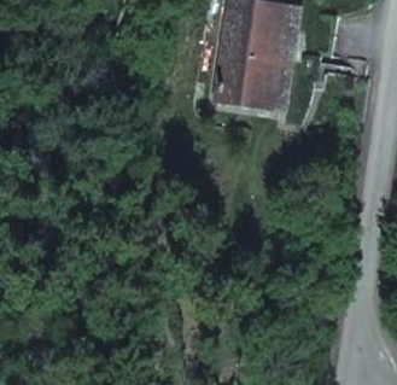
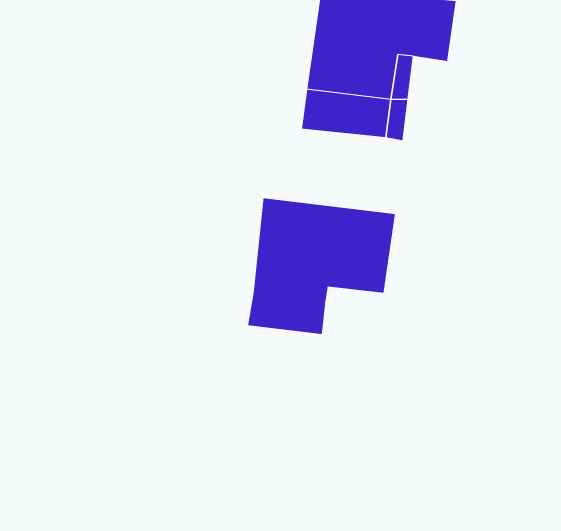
building: none -> [247,198,395,335]

